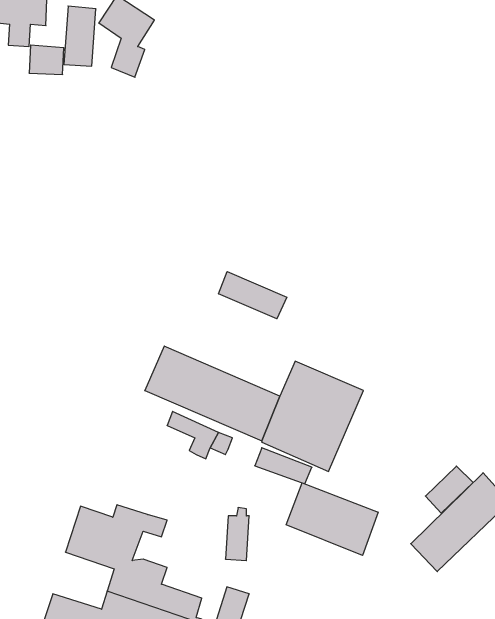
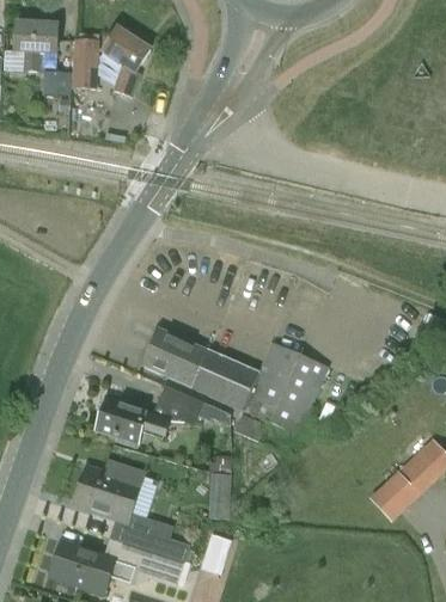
building: [219,272,287,319] -> none
building: none -> [93,398,169,446]
building: [425,466,473,513] -> none
building: [286,483,378,555] -> none

